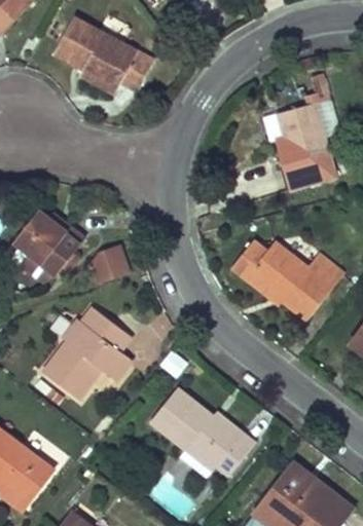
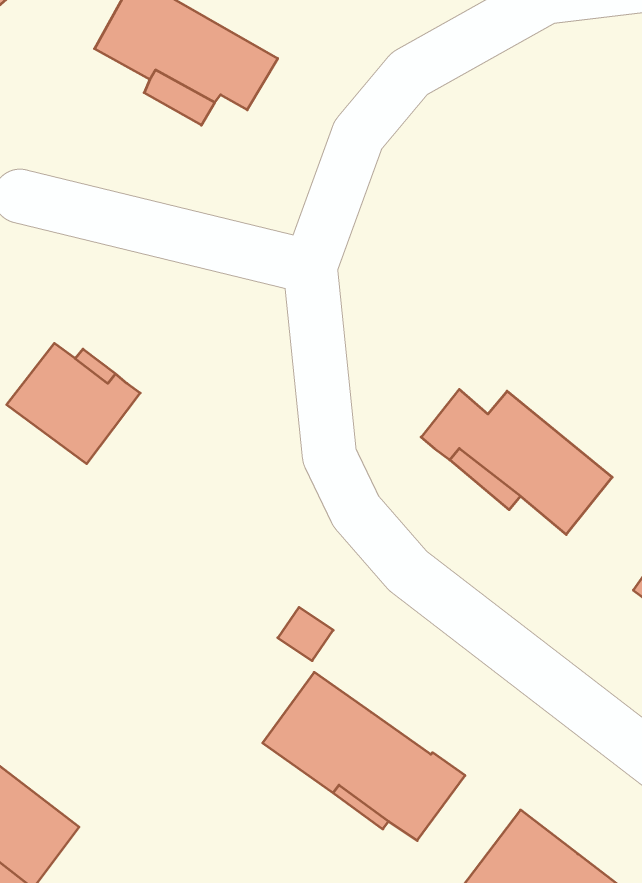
building: [265,95,340,182] -> none
building: [88,246,125,283] -> none
building: [41,305,130,397] -> none

